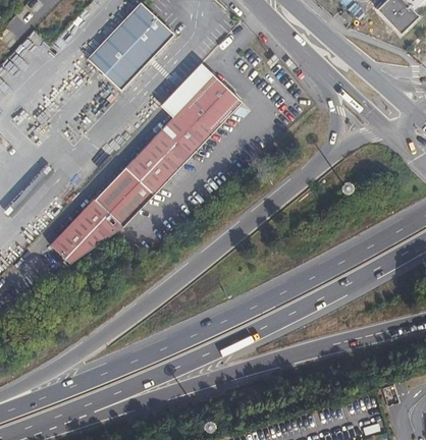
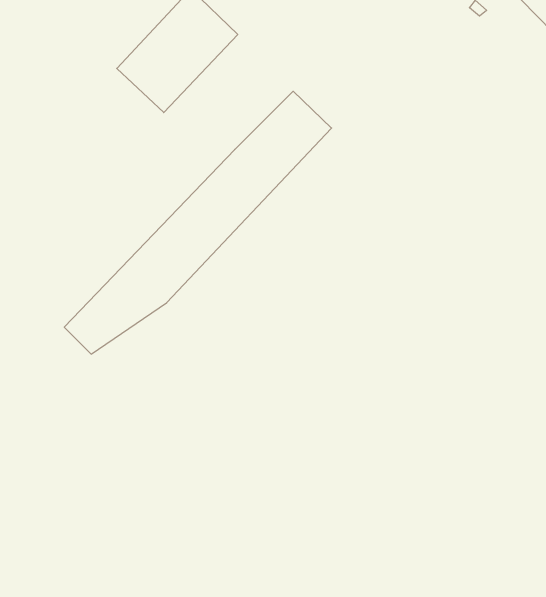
building: [161,63,214,117] -> none

